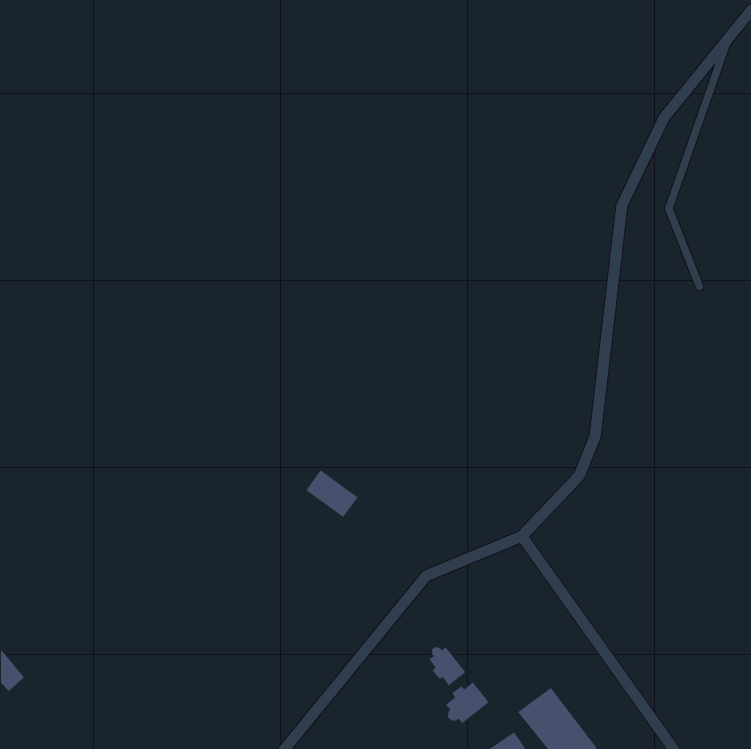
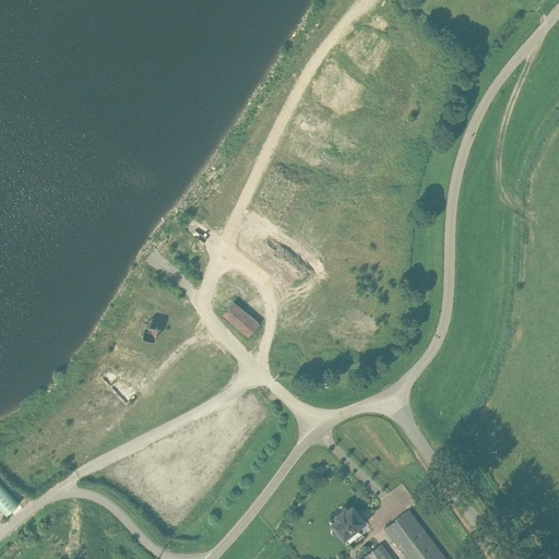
building: [305,470,358,518] -> [222,301,261,337]
building: [428,646,466,686] -> none

